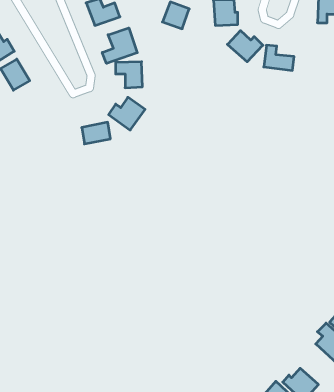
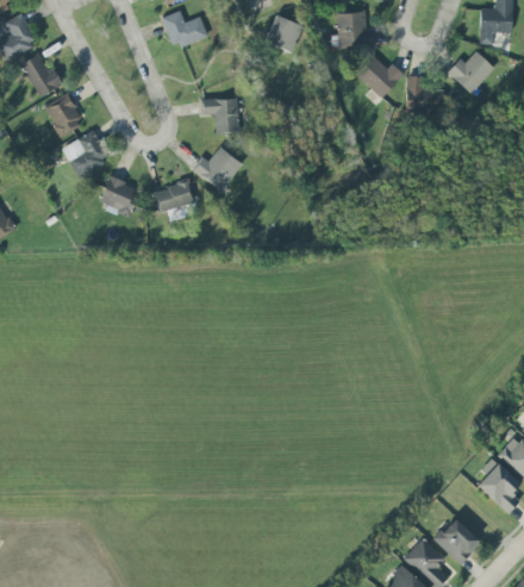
building: none -> [447,51,494,94]
building: [102,28,137,63] -> none
building: none -> [61,131,110,179]
building: none -> [100,177,138,214]

